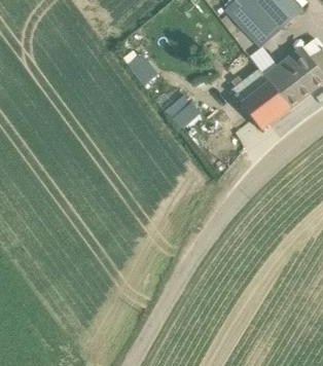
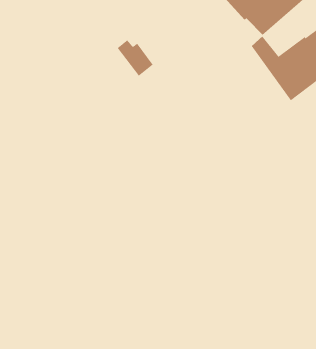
building: [231,69,288,130] -> none
building: [164,95,201,132] -> none

